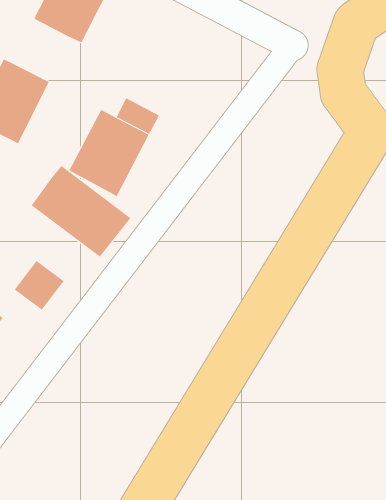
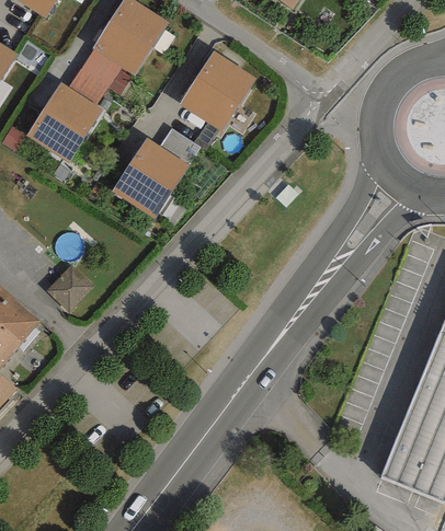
building: none -> [178,50,254,130]
building: none -> [68,48,121,104]
building: [30,165,131,258] -> none

